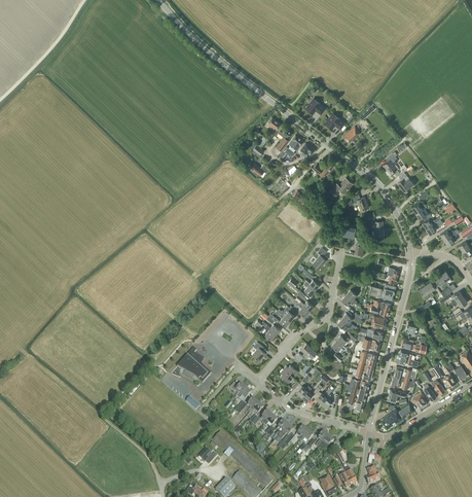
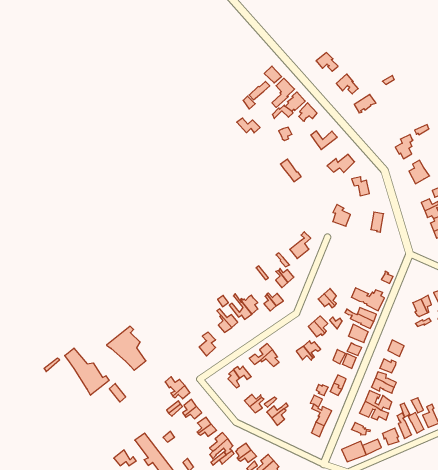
building: none -> [65,348,109,395]

